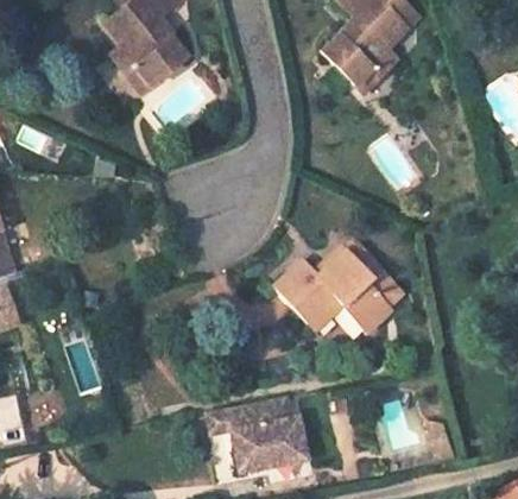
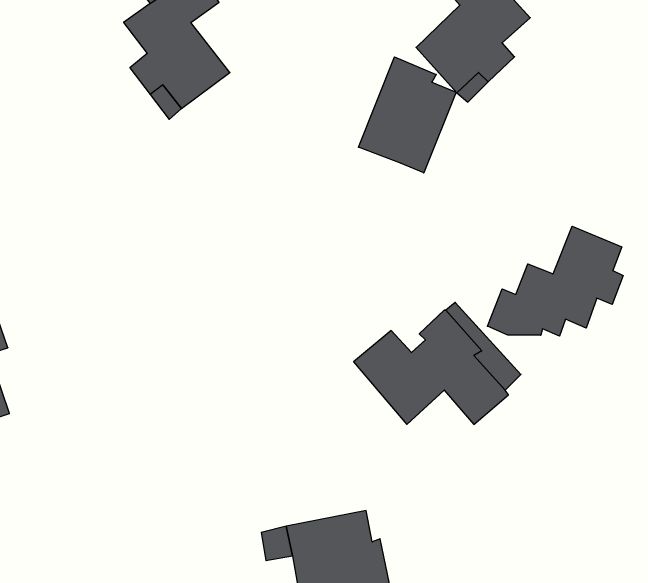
building: none -> [358,57,456,173]
building: none -> [487,226,623,336]

